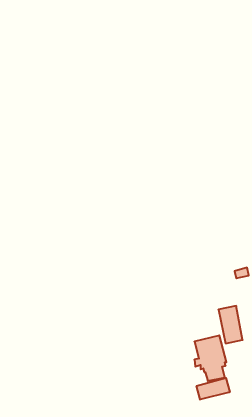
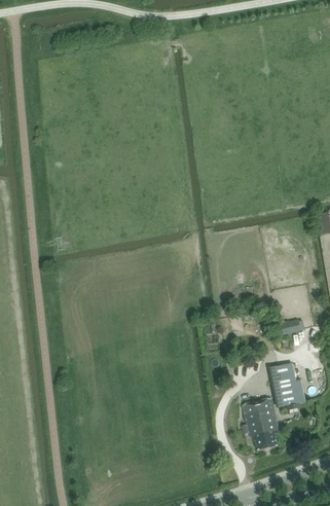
building: [197,378,230,400] -> none

